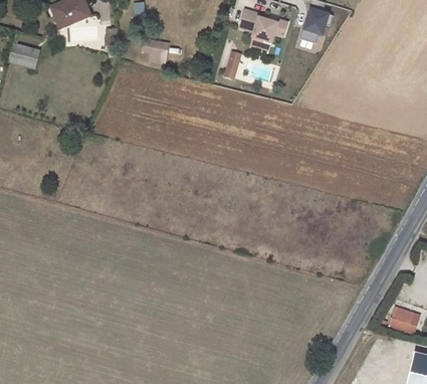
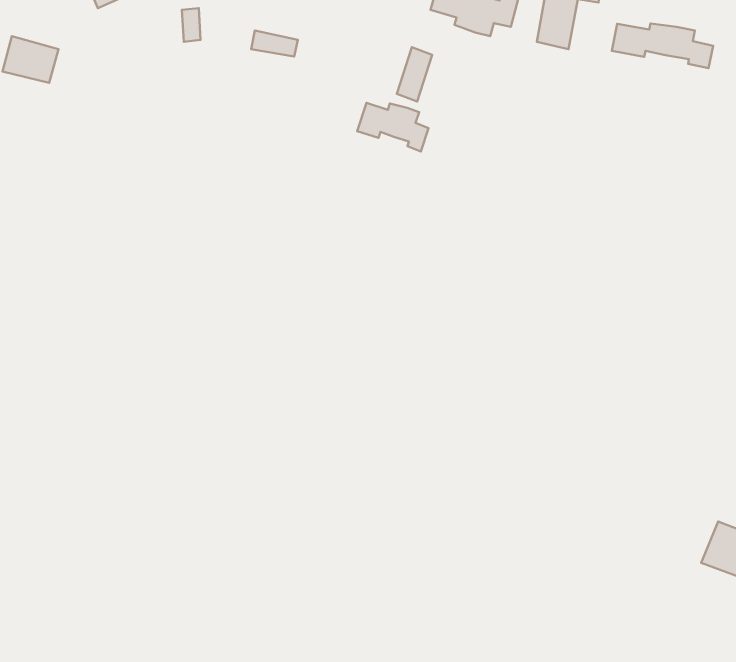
building: none -> [612,24,713,68]
building: none -> [357,103,429,151]

